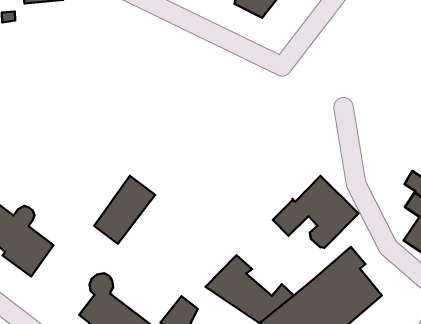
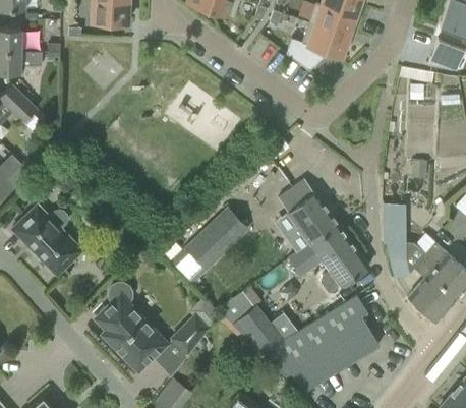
building: none -> [278,180,340,246]
building: none -> [383,205,407,279]
building: [94,176,155,244] -> [187,209,248,270]

